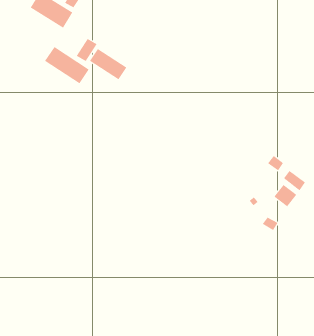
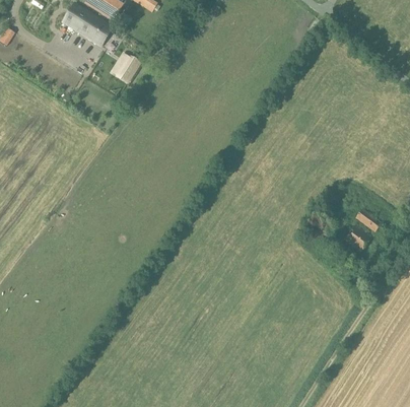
building: [44,46,90,84] -> none
building: [89,48,127,80] -> none

